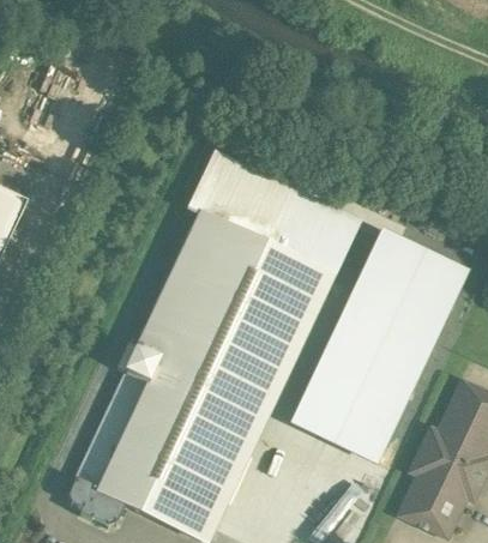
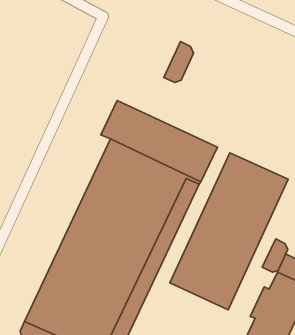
building: none -> [164,42,193,83]
building: none -> [262,239,288,272]

